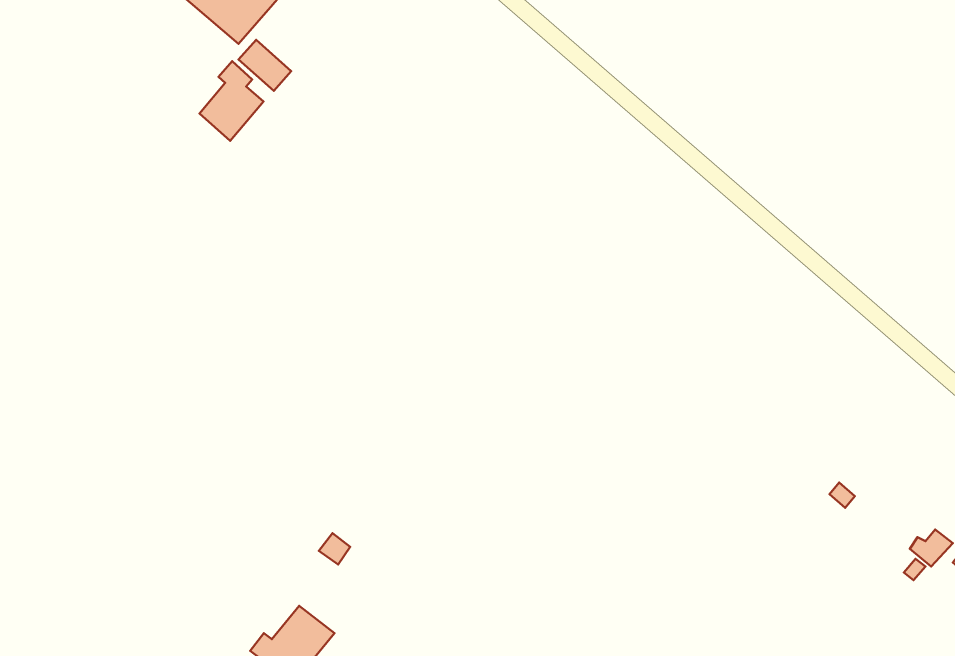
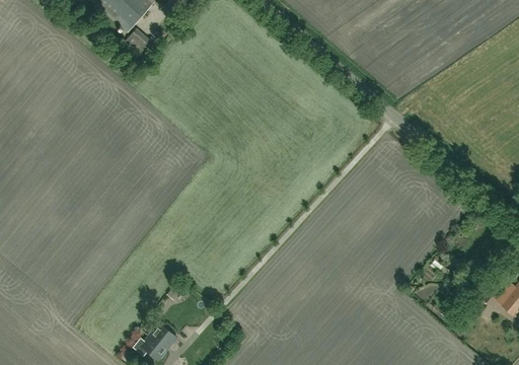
building: [199,61,264,141] -> none

